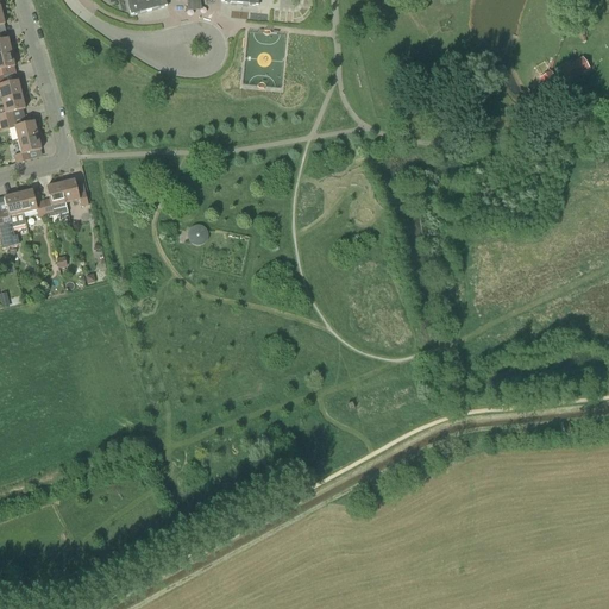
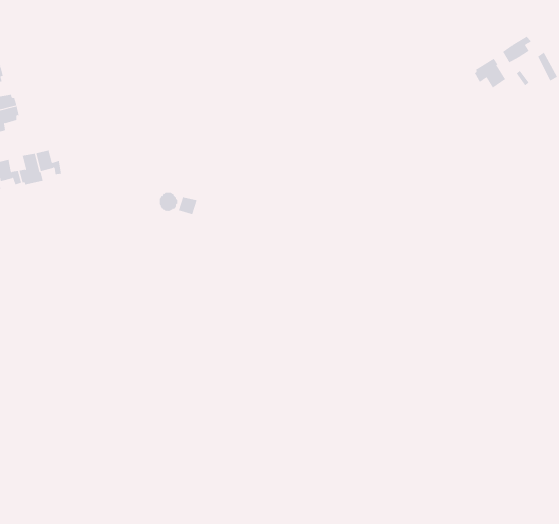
building: none -> [474,58,506,89]

